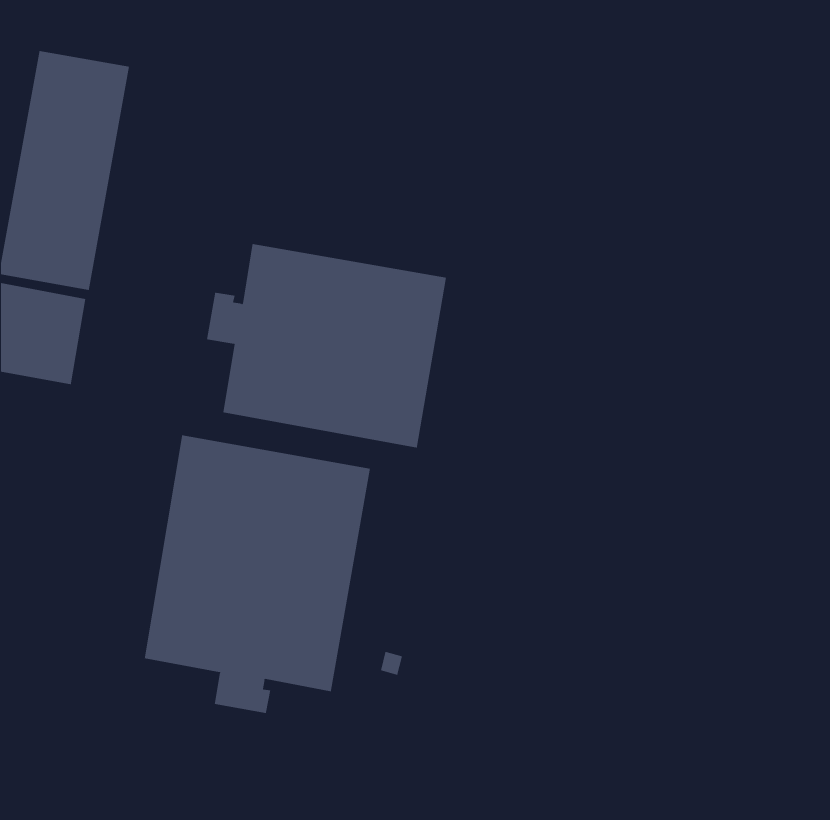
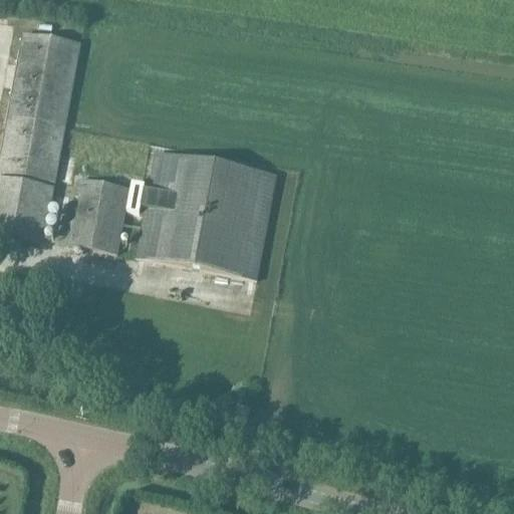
building: none -> [67,177,130,252]
building: [144,435,370,714] -> none

